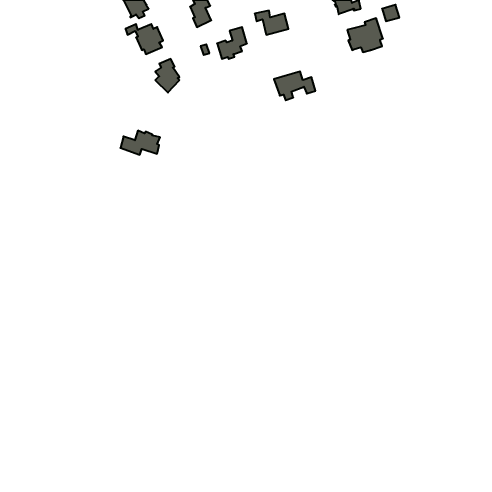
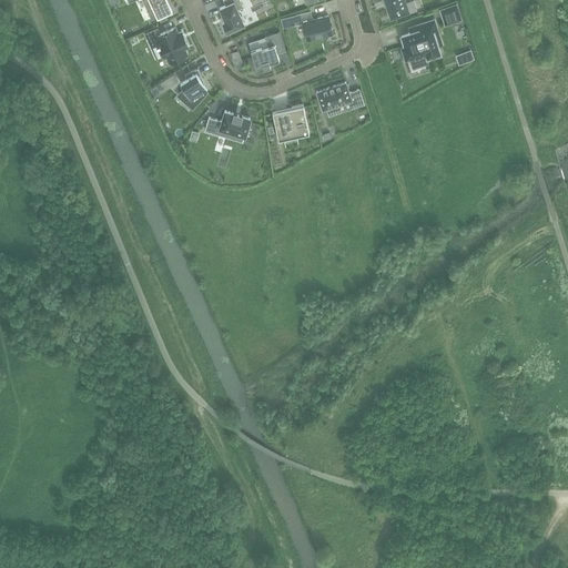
building: none -> [272,105,308,141]
building: [120,131,160,155] -> [204,111,250,139]

